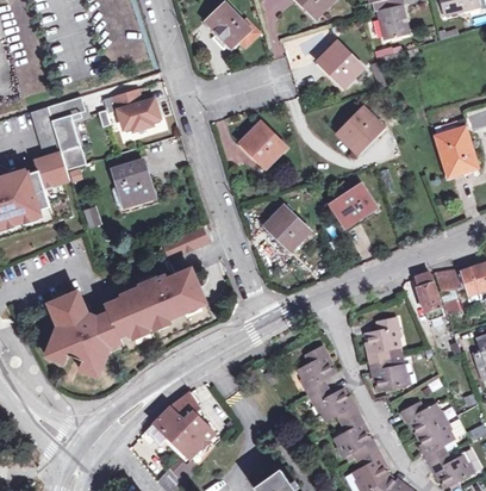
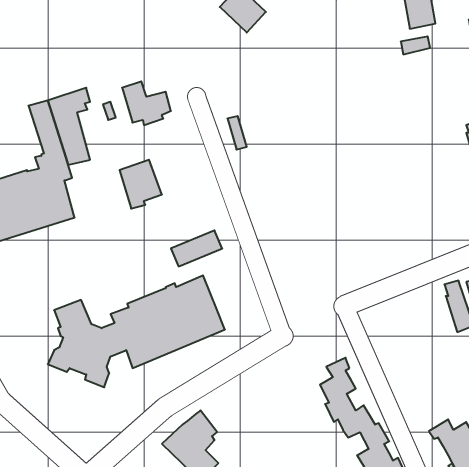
building: [314,41,359,85] -> none
building: [334,106,379,150] -> none
building: [239,120,285,164] -> none
building: [331,181,375,223] -> none
building: [264,204,307,247] -> none
building: [364,316,405,390] -> none

